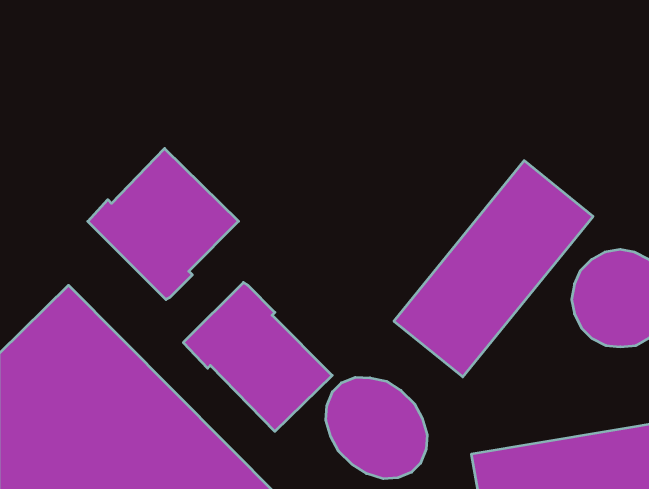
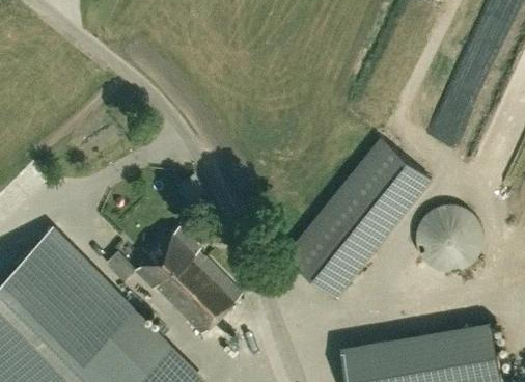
building: [88,148,239,300] -> none
building: [326,377,427,479] -> none

